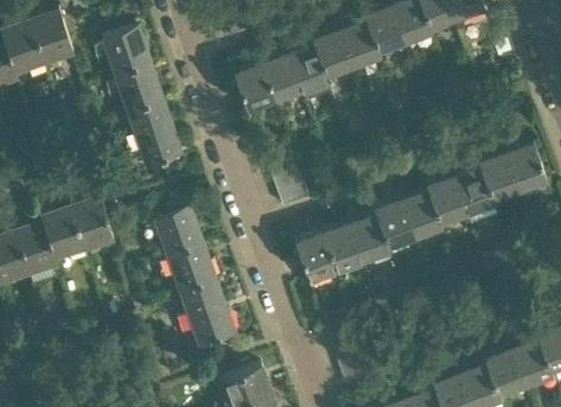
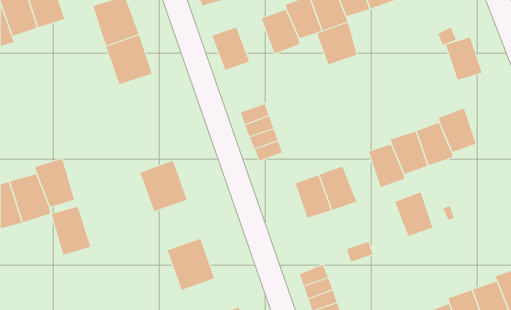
building: [260,55,300,102] -> none
building: none -> [317,22,357,65]
building: [132,115,183,171] -> none
building: [506,144,547,191] -> [445,37,482,80]
building: [71,198,115,252] -> [51,206,91,256]
building: [374,199,415,248] -> [395,192,433,237]
building: [295,234,336,281] -> none
building: [170,252,221,306] -> none

